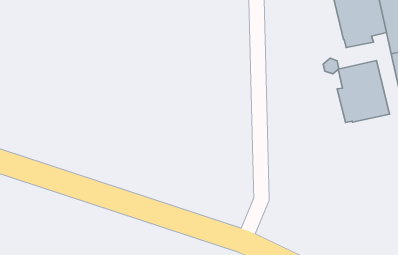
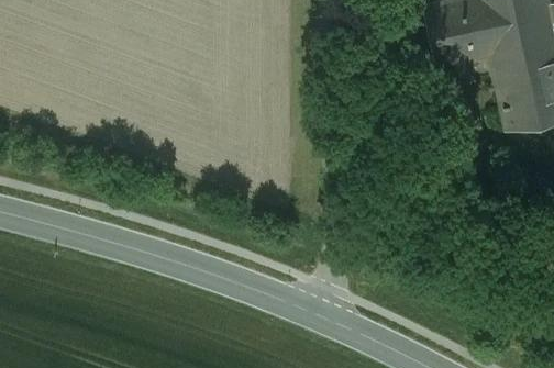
building: [337,61,390,123] -> none

